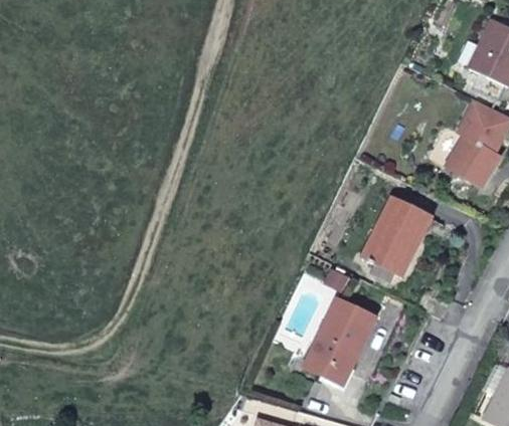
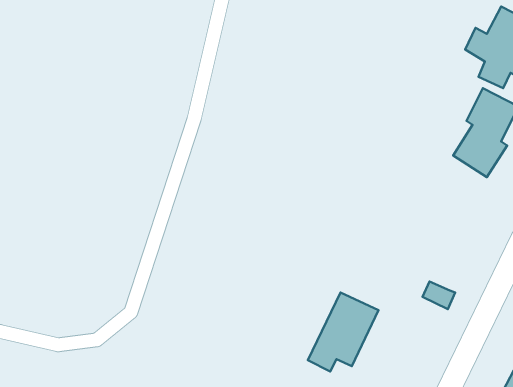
building: [364,198,430,282] -> none

